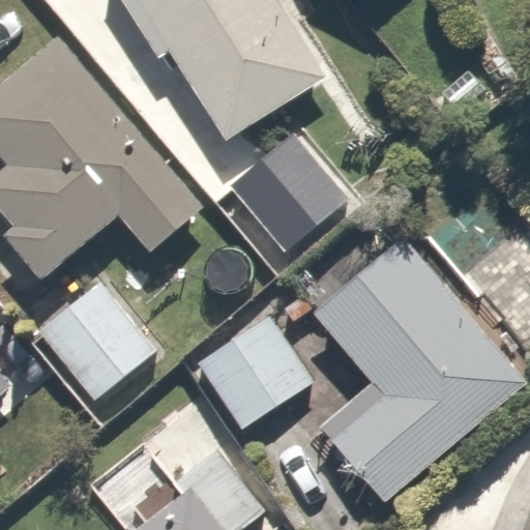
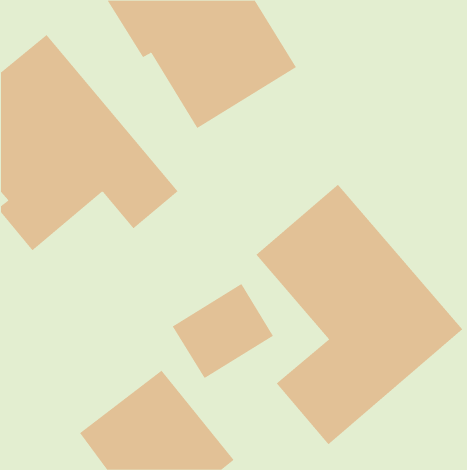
building: [220,125,358,266] -> none
building: [40,283,155,400] -> none

